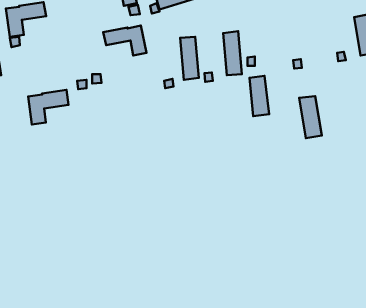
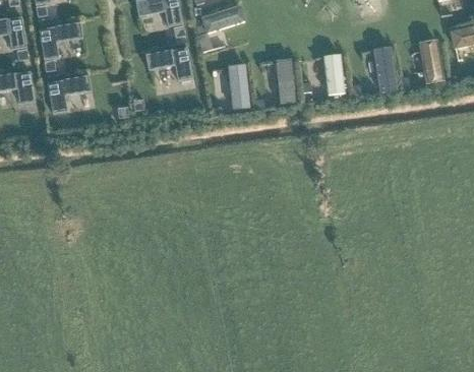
building: [249,76,269,116] -> [321,51,343,95]
building: [28,90,68,125] -> [48,76,92,114]
building: [299,96,322,138] -> [371,45,396,90]

